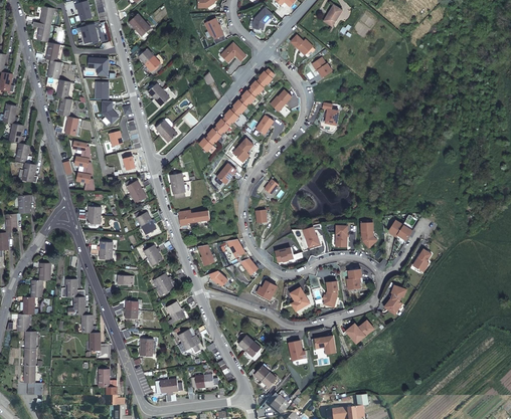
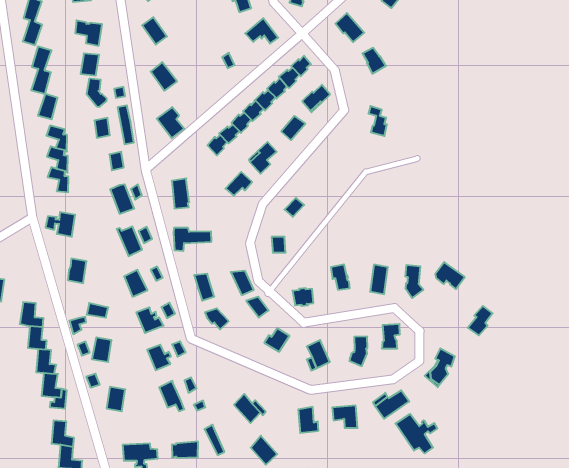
building: none -> [395,414,437,453]

